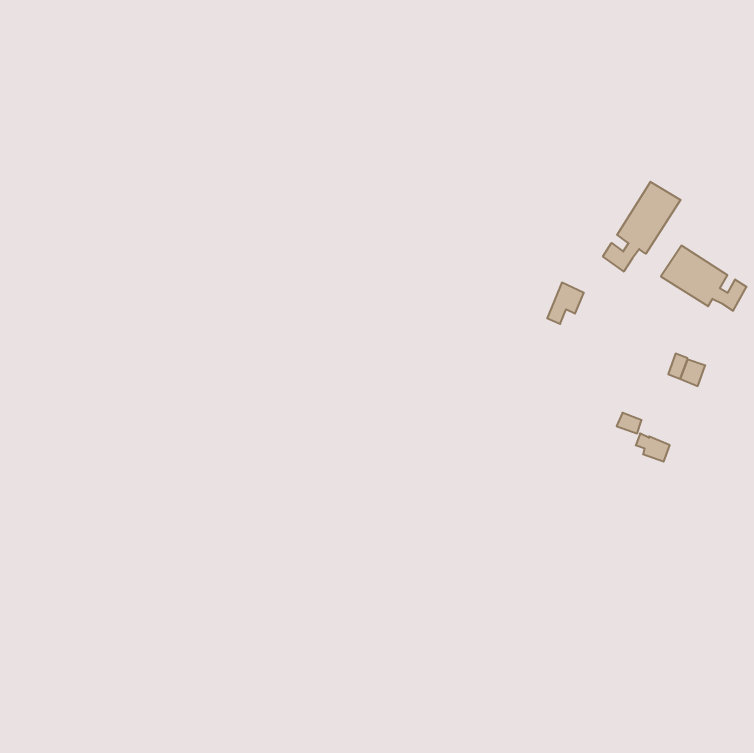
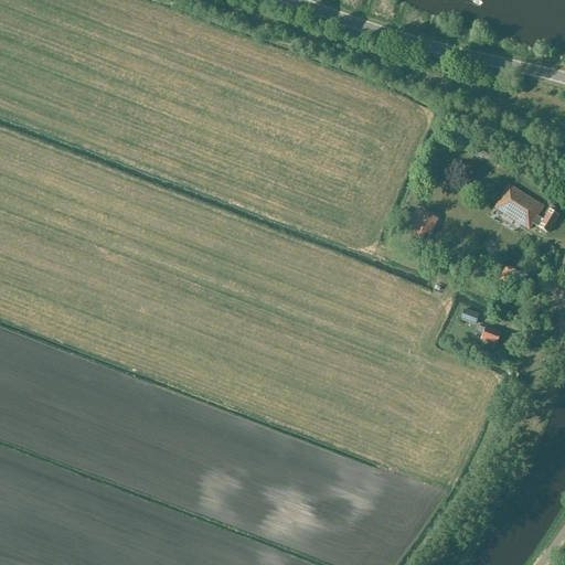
building: [603,182,681,272] -> none

